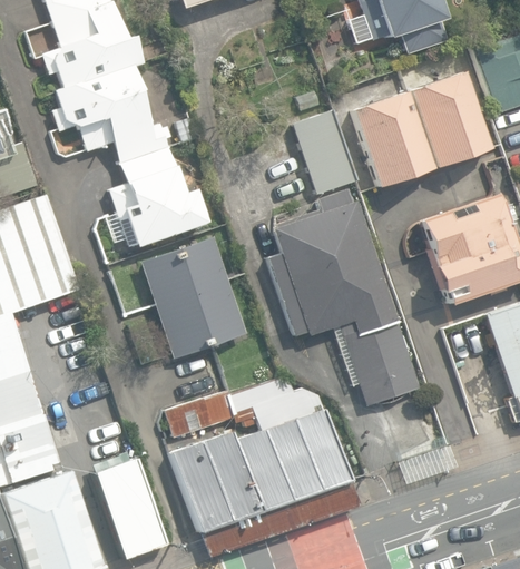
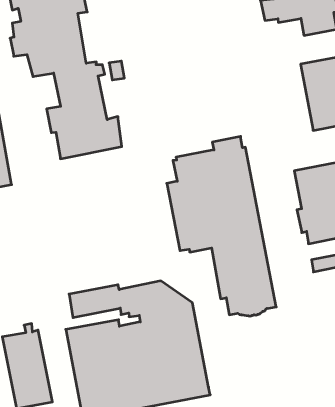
building: [351,94,434,188] -> none
building: [293,110,357,195] -> none
building: [141,237,246,357] -> none

